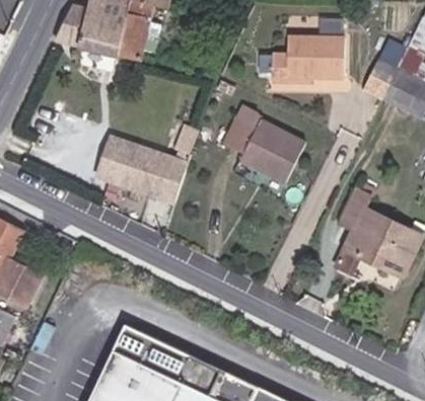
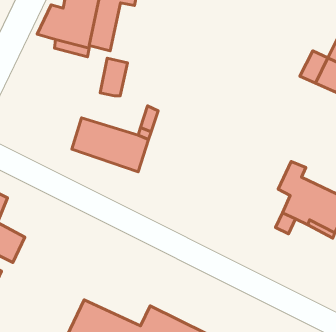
building: [272,37,344,81] -> none
building: none -> [100,58,127,96]
building: [224,116,304,184] -> none
building: [112,325,189,380] -> none

